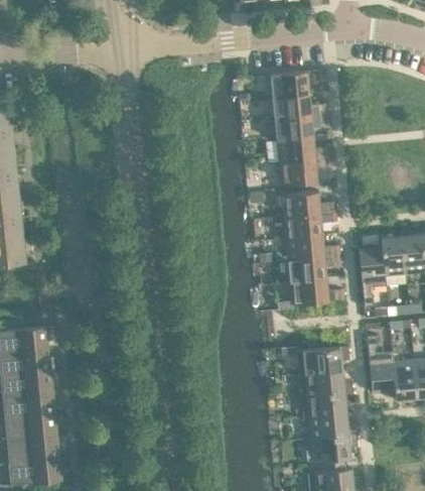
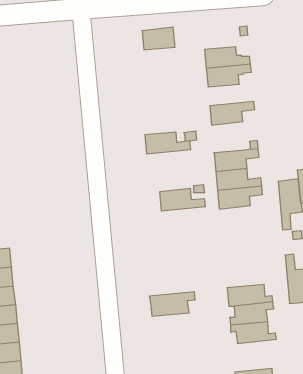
building: [271,71,309,97] -> [142,27,175,50]
building: [277,137,330,162] -> [145,132,191,154]
building: [282,191,320,217] -> none
building: [290,278,343,304] -> [160,188,205,211]
building: [296,346,349,374] -> [149,292,195,316]
building: [306,434,358,462] -> none

